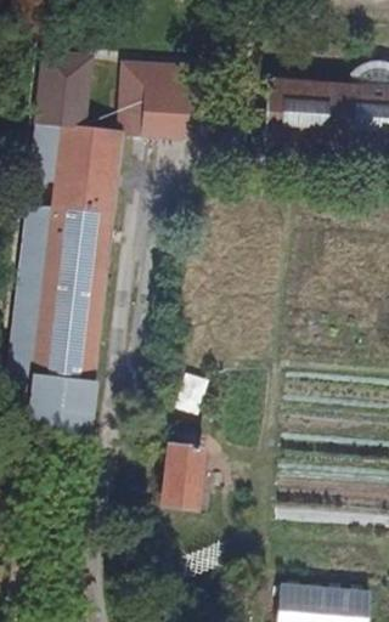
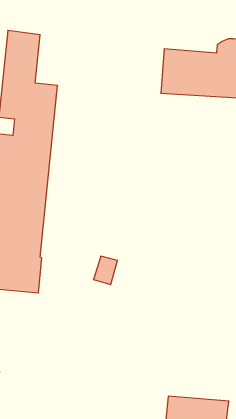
building: [117,58,207,138] -> none
building: [163,441,209,510] -> none

